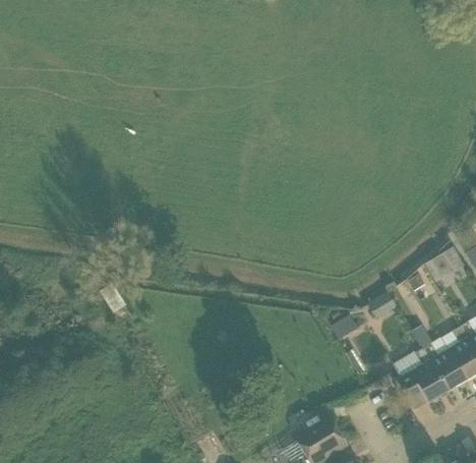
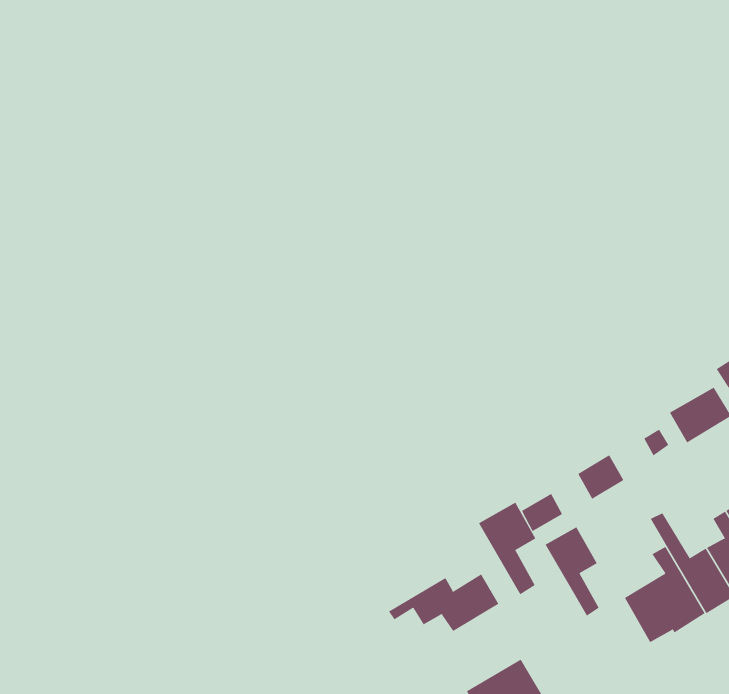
building: none -> [477,502,536,595]
building: none -> [544,527,600,616]
building: none -> [388,574,499,632]

